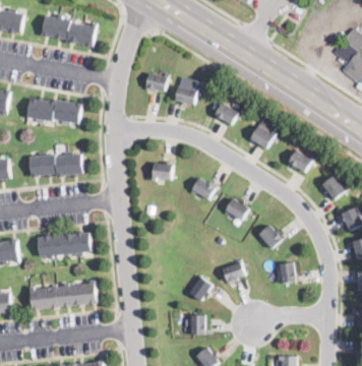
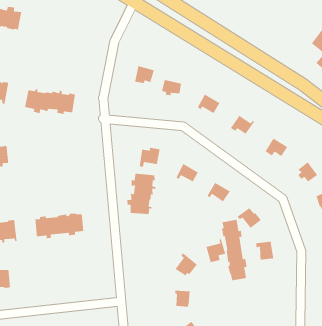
building: [43,13,97,47] -> none
building: [29,150,82,178] -> none
building: none -> [126,173,156,215]
building: none -> [221,219,247,281]
building: [31,280,98,310] -> none

